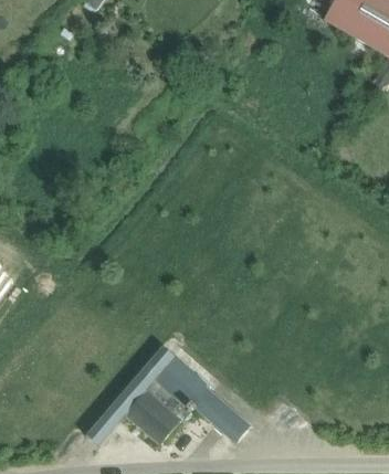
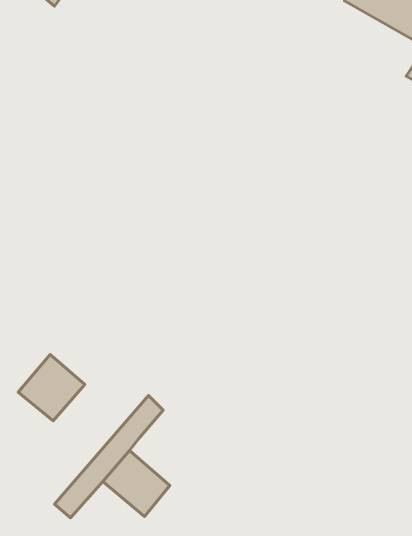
building: none -> [18,355,85,421]
building: [156,356,252,442] -> none

